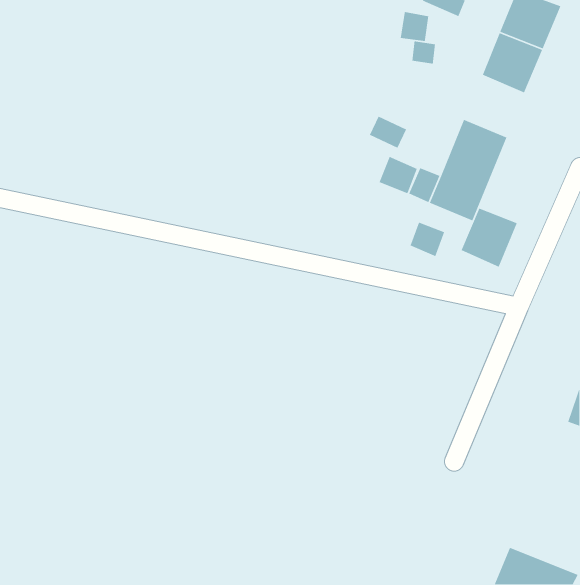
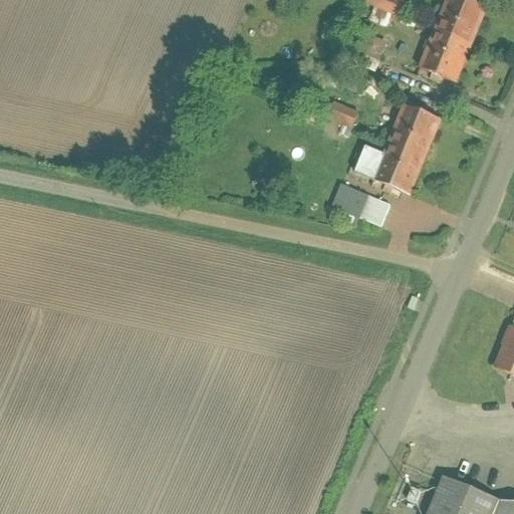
building: [400,11,429,42] -> none
building: [379,156,418,194] -> [330,182,364,215]
building: [460,207,518,268] -> none

